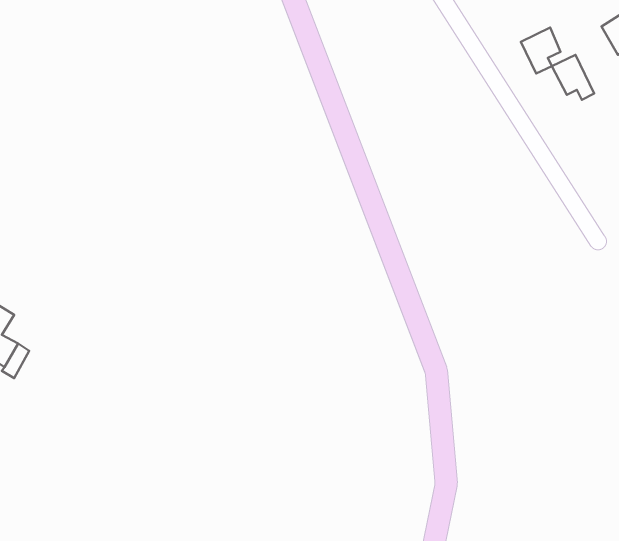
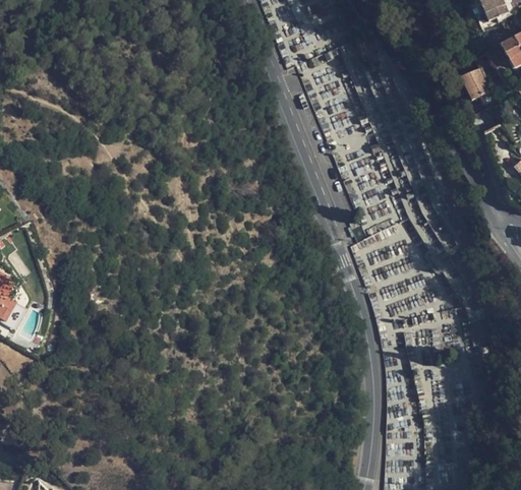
building: [521,27,561,74] -> none

